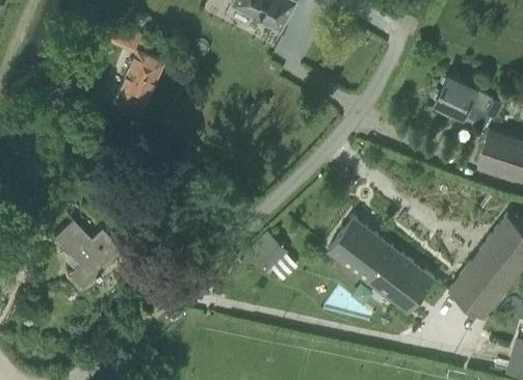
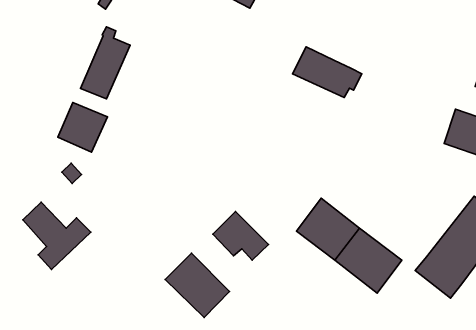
building: [435,77,504,128] -> [293,47,362,97]
building: none -> [58,103,107,152]
building: none -> [165,253,229,317]

